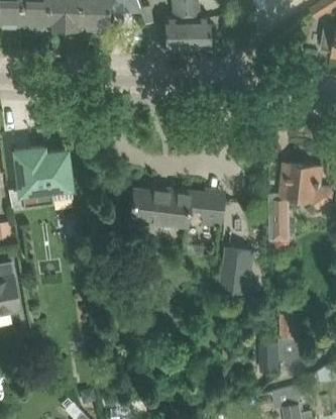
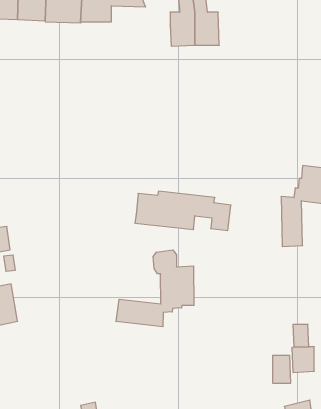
building: [7,146,69,206] -> none
building: none -> [116,250,194,327]
building: [222,248,252,292] -> none

